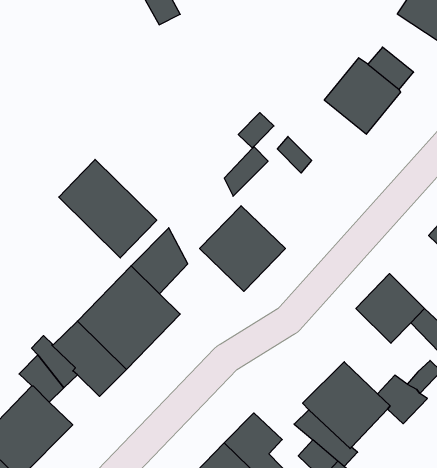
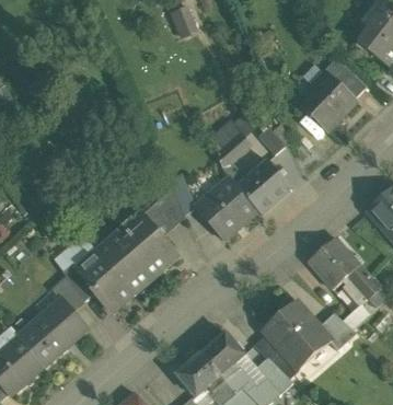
building: [59,159,157,258] -> none
building: none -> [236,160,291,215]

